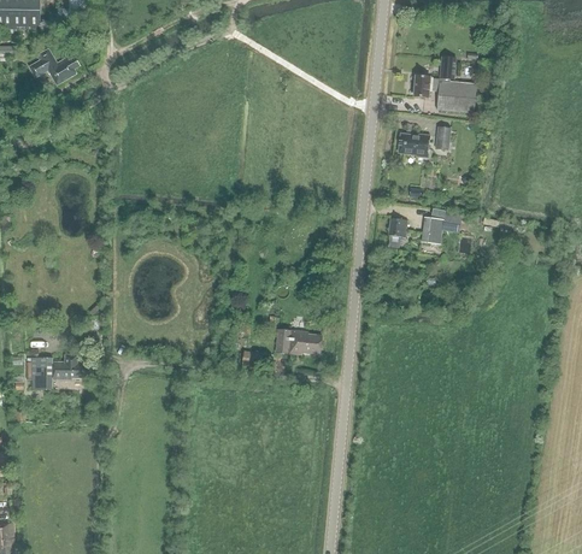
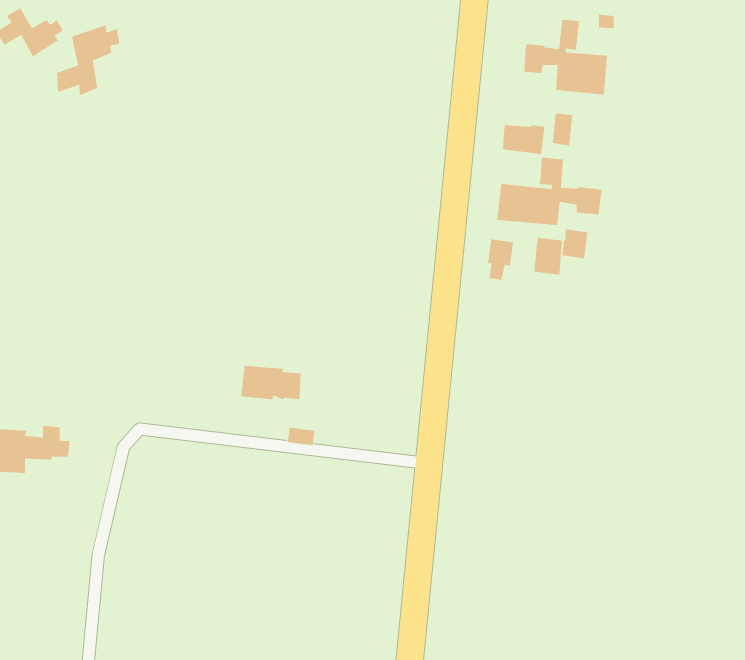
building: none -> [57,25,120,96]
building: none -> [497,157,602,226]
building: [276,329,321,354] -> [240,365,302,400]

